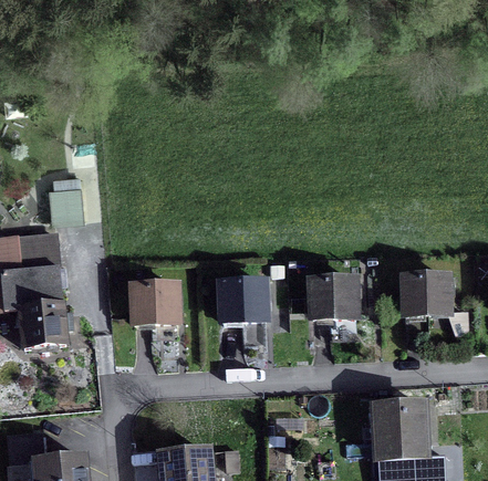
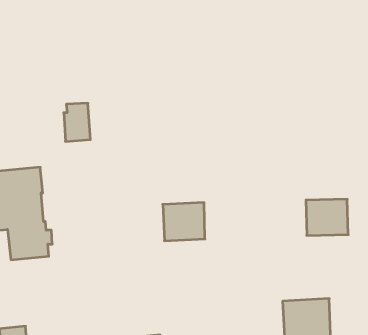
building: [50,174,84,222] -> [64,103,90,141]
building: [307,274,361,322] -> none
building: [128,280,183,328] -> none

